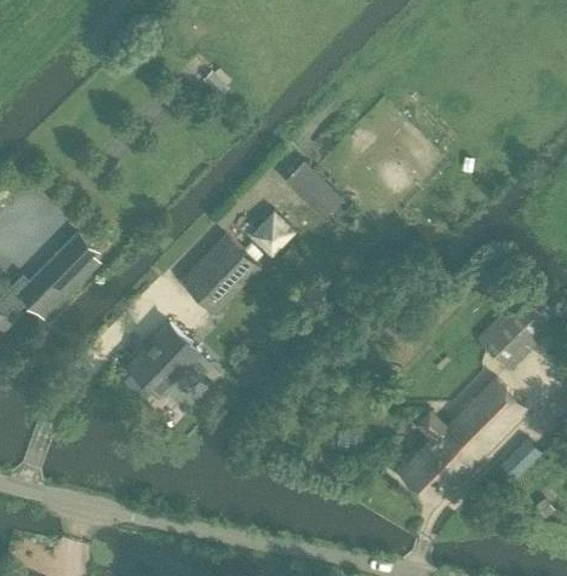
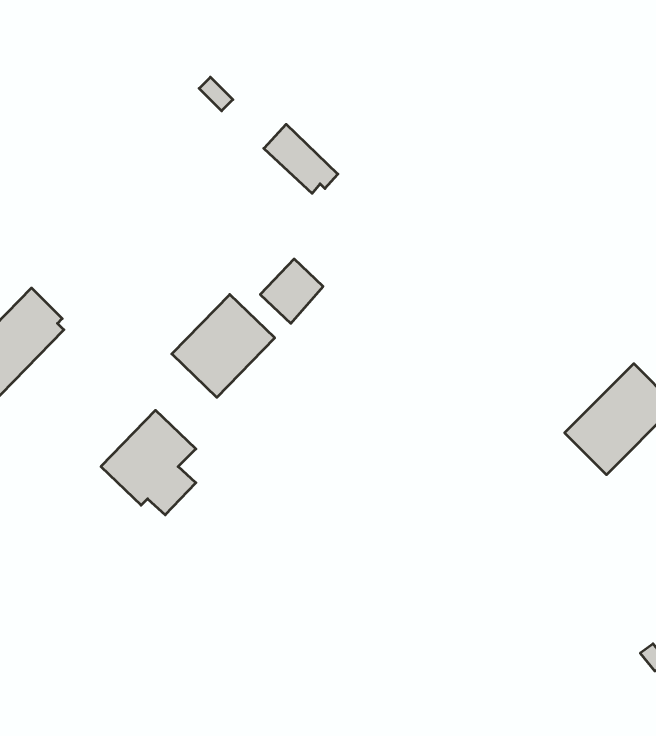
building: [286,161,342,213] -> [264,124,338,193]
building: [399,380,523,505] -> none
building: [499,440,539,482] -> none

